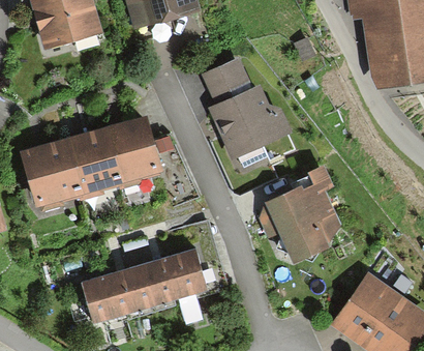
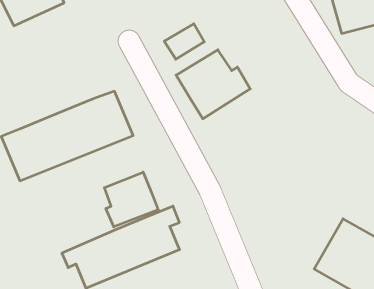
building: [256,169,340,253] -> none
building: none -> [104,172,158,227]

